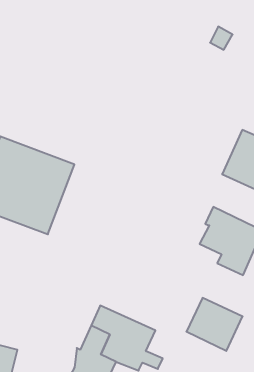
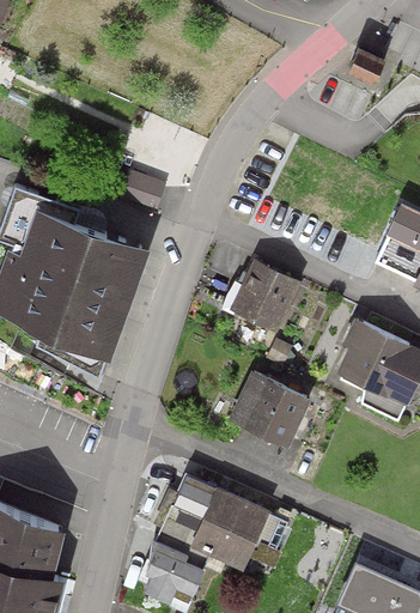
building: none -> [229,261,302,335]
building: [186,298,243,351] -> [227,370,311,449]

